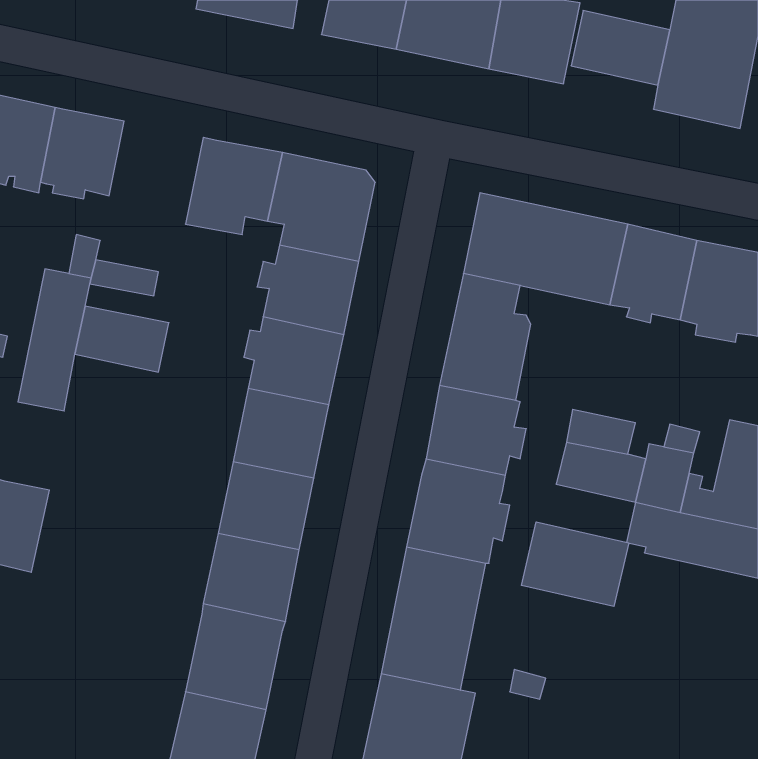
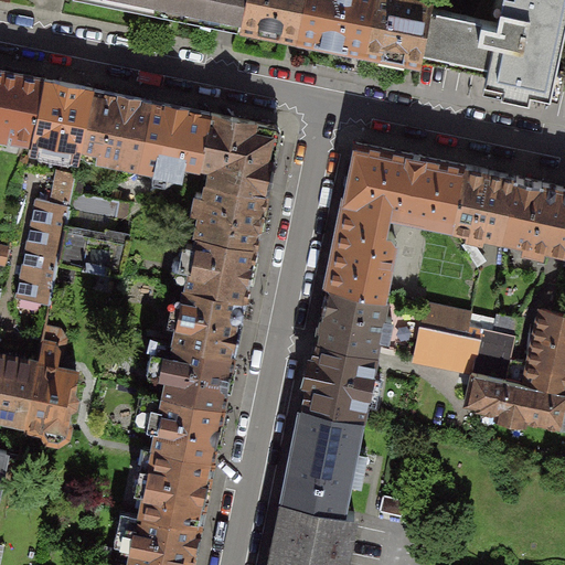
building: none -> [81,93,150,169]
building: none -> [23,334,75,446]
building: [521,522,629,606] -> none

